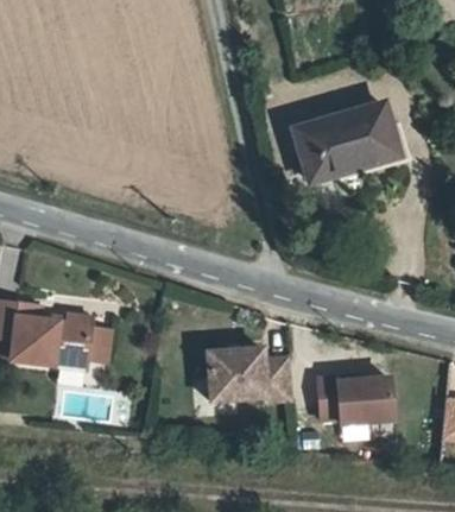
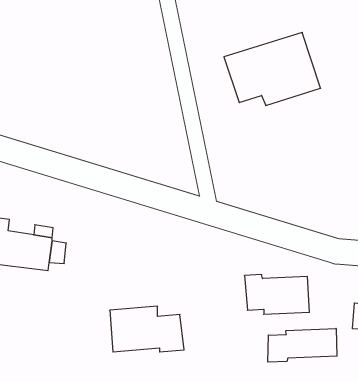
building: [204,349,291,403] -> [110,306,184,352]
building: none -> [268,328,337,362]

